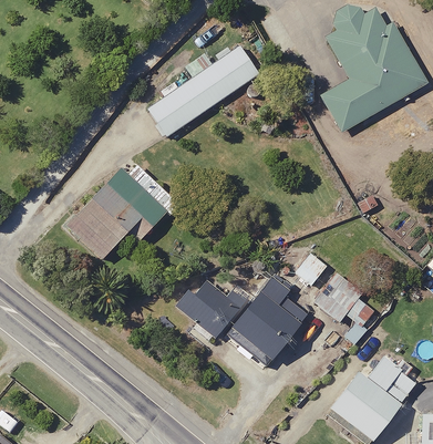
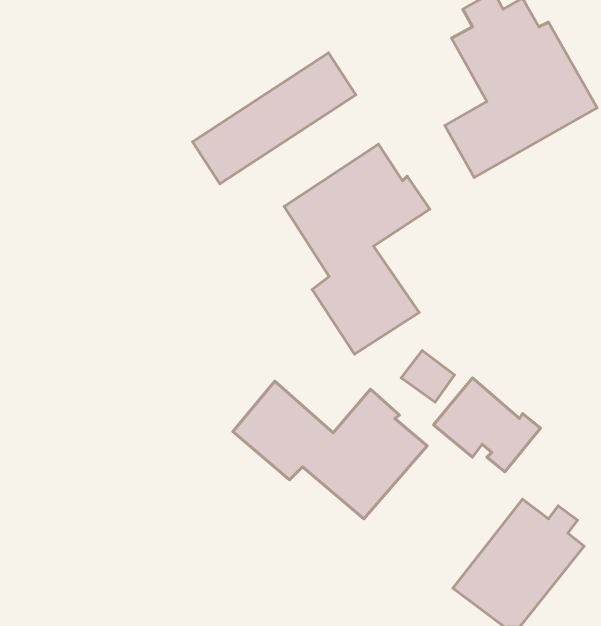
building: none -> [284,144,430,354]
building: [69,159,177,258] -> none

